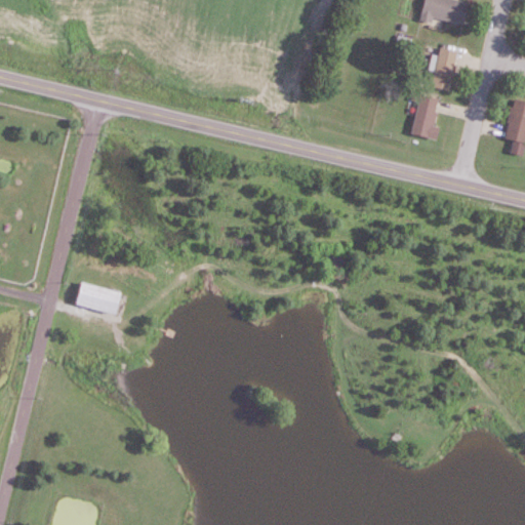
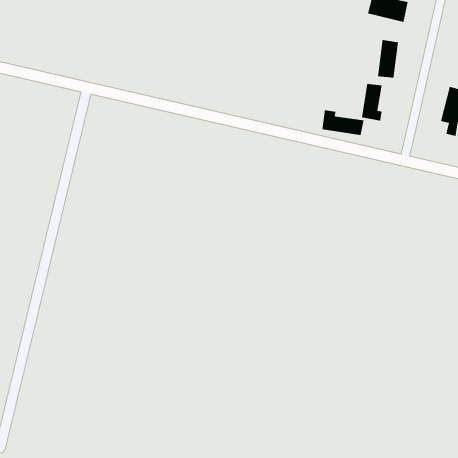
building: none -> [322,110,364,136]
building: [74,282,119,314] -> none

